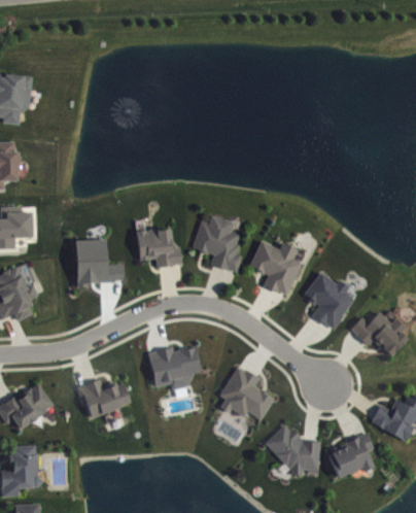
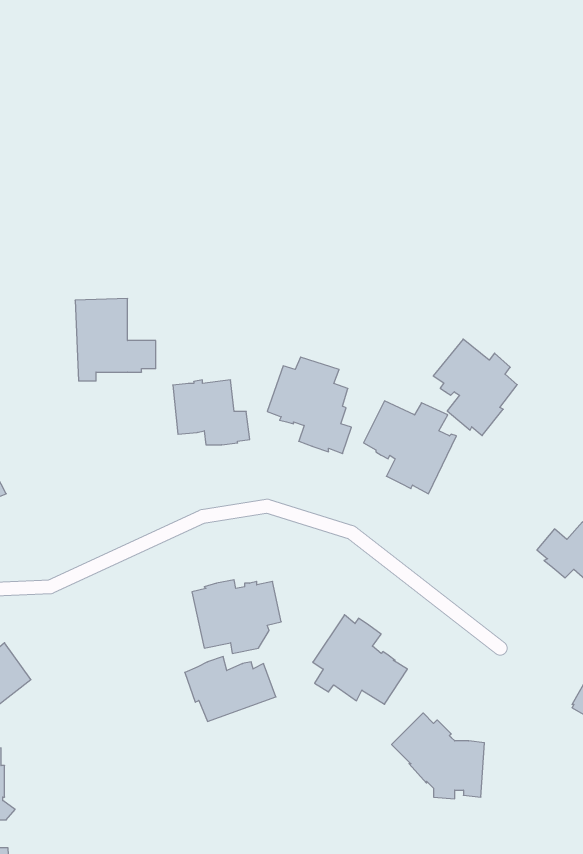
building: [75,239,123,287] -> [75,299,156,381]
building: [303,272,352,329] -> [433,339,517,436]
building: [76,378,130,416] -> [185,657,276,721]
building: [326,433,373,477] -> none

